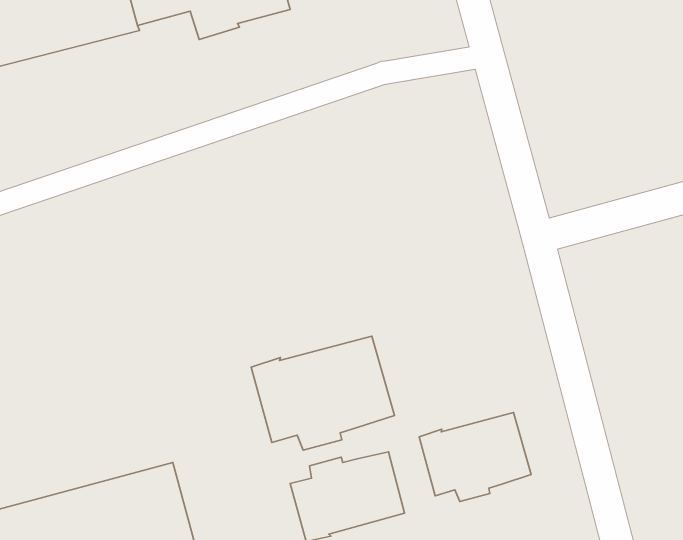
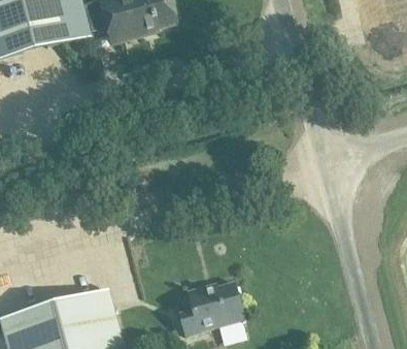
building: [251,336,395,450] -> none
building: [419,412,531,502] -> none

